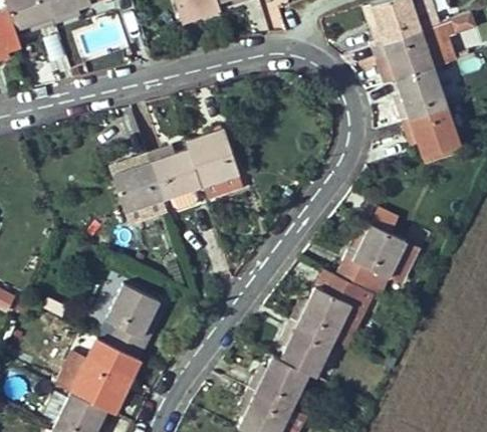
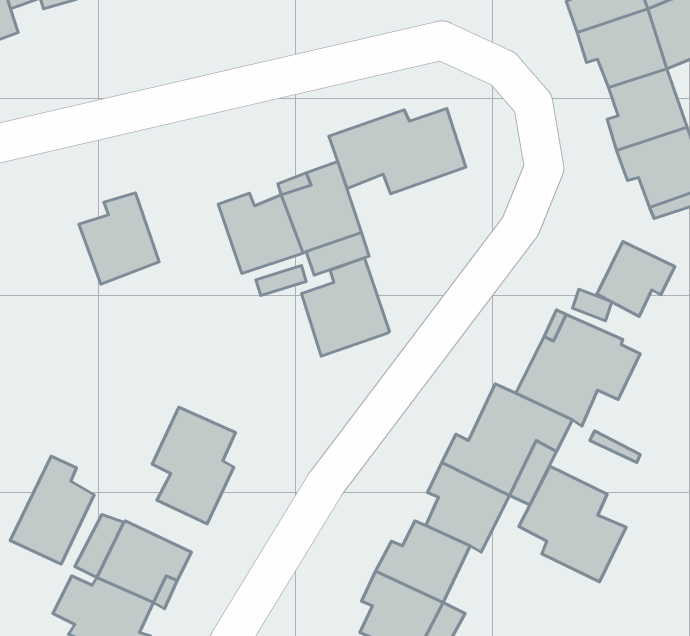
building: none -> [329,109,466,194]
building: [111,155,163,213] -> [79,193,159,284]
building: none -> [597,242,675,317]
building: none -> [302,258,390,356]
building: none -> [10,456,94,564]
building: none -> [519,466,626,582]

